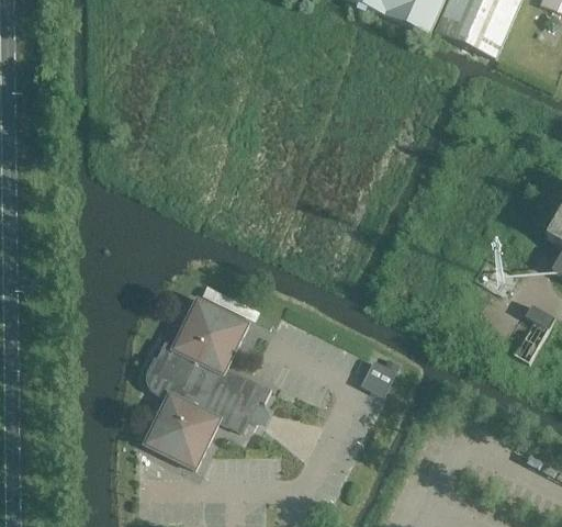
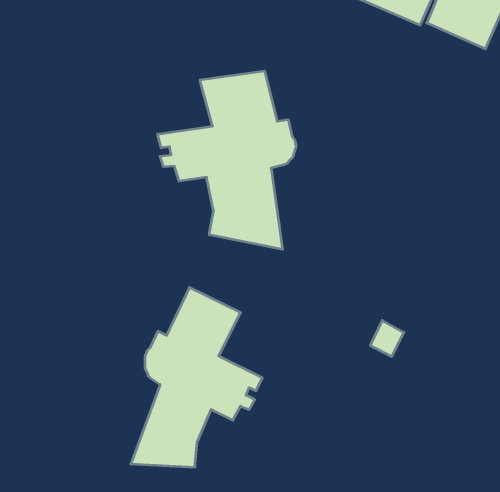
building: none -> [158,71,296,249]
building: [361,360,395,396] -> [370,320,404,356]

